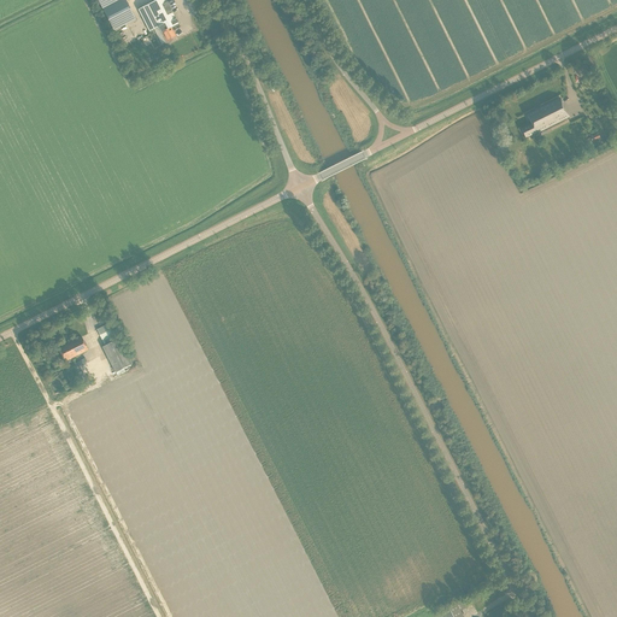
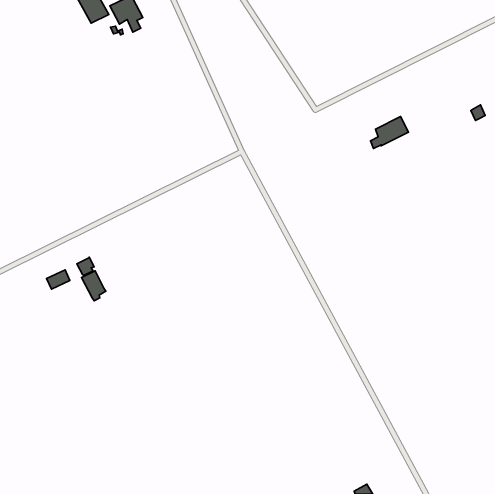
building: [521,96,568,136] -> [370,117,408,149]

